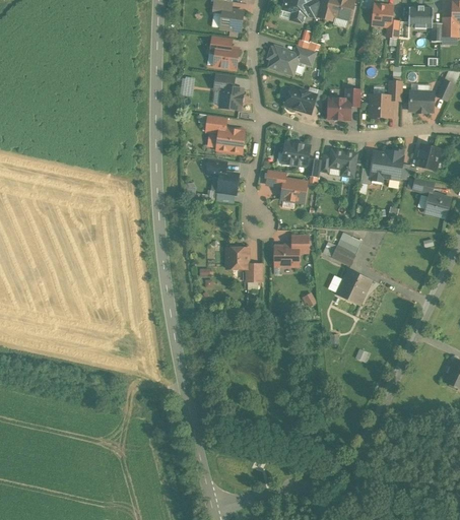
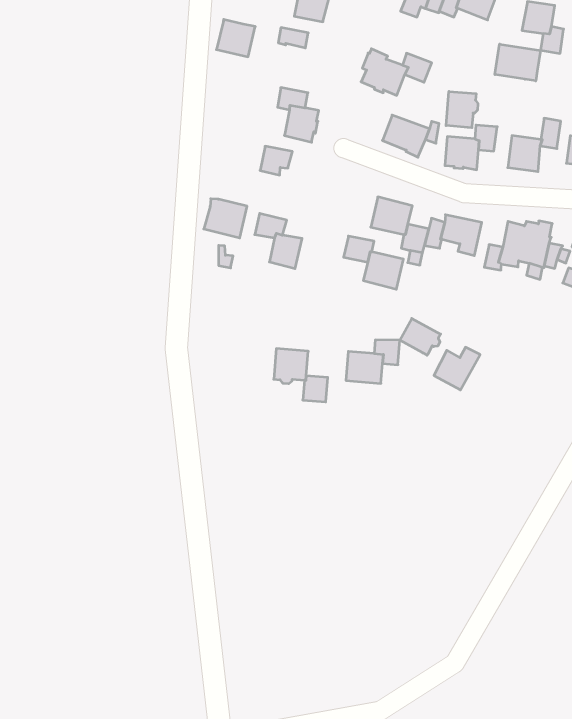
building: none -> [495,44,541,81]
building: [213,46,238,69] -> [216,19,255,57]
building: none -> [446,91,478,128]
building: [216,128,244,152] -> [204,199,247,238]
building: none -> [400,318,441,355]
building: [337,270,370,304] -> none

